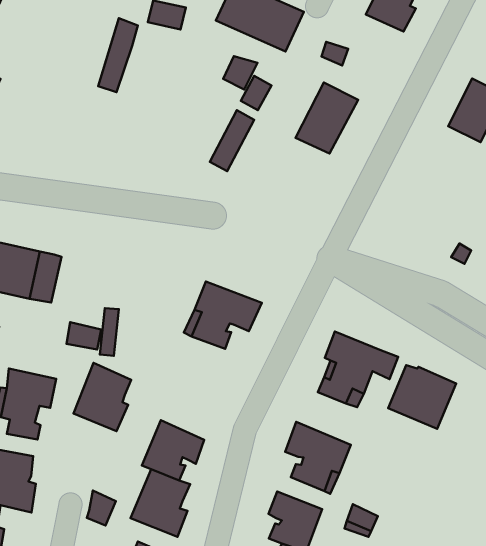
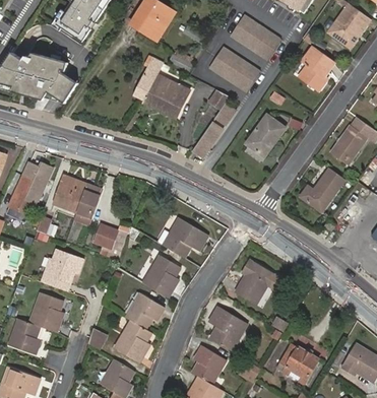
building: none -> [144,74,189,116]
building: none -> [302,165,347,209]
building: [73,363,131,431] -> [144,256,181,297]
building: [388,365,456,429] -> [276,344,318,384]

